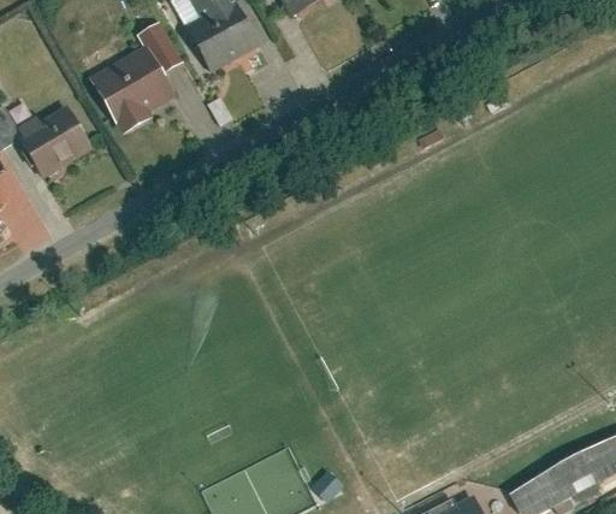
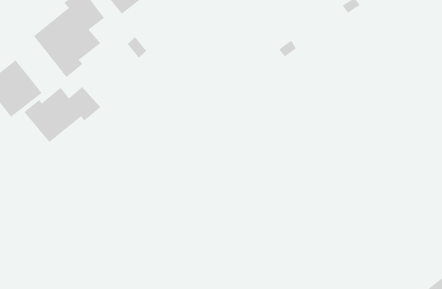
building: none -> [23,86,101,143]

